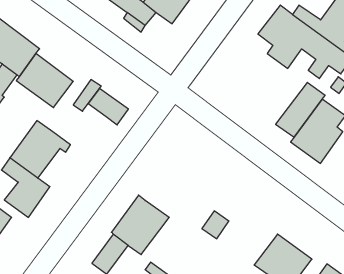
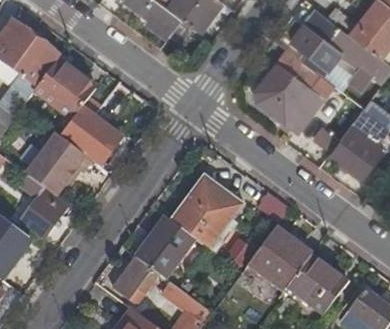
building: none -> [255,49,331,130]
building: [88,89,128,125] -> [72,130,115,169]
building: none -> [171,176,241,248]
building: none -> [250,229,313,292]

